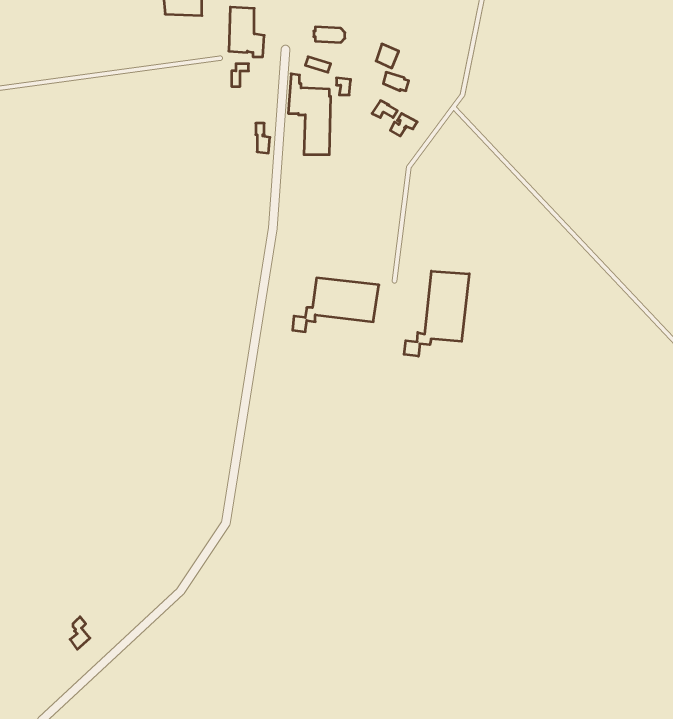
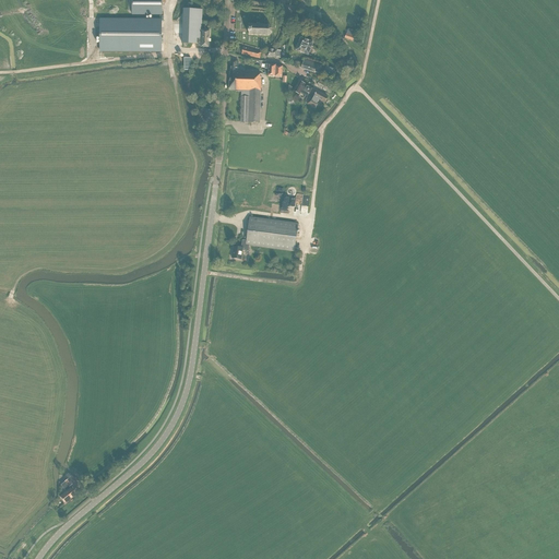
building: none -> [99,19,160,50]
building: [404,271,469,356] -> none

